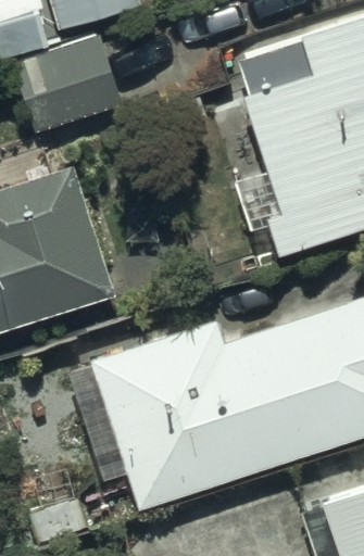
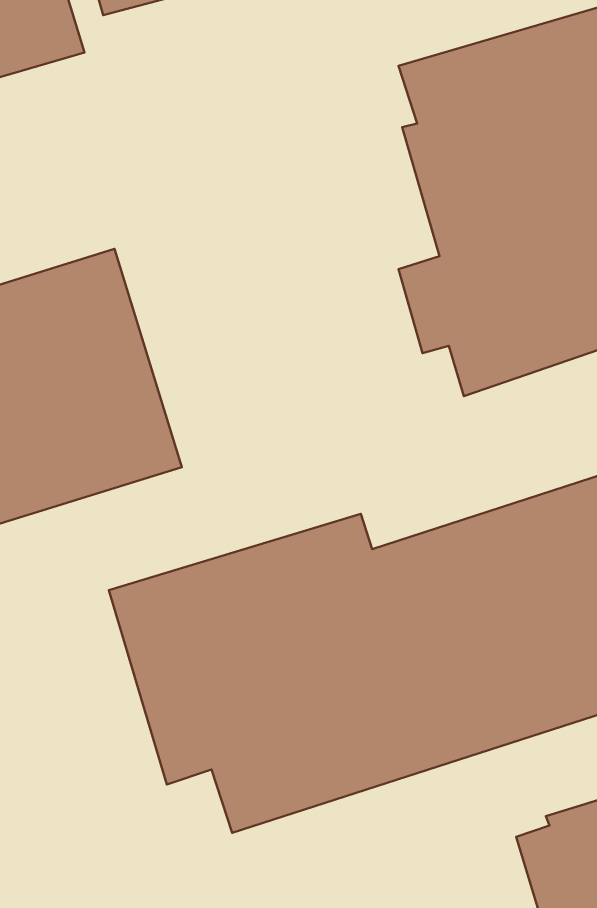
building: [12,41,130,136] -> none

